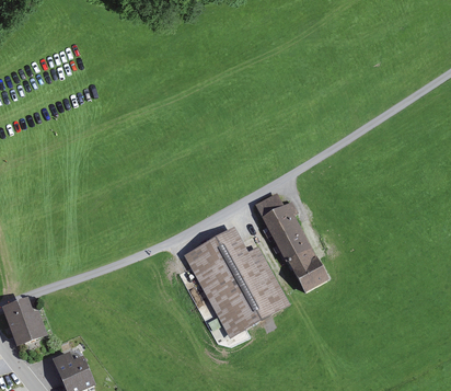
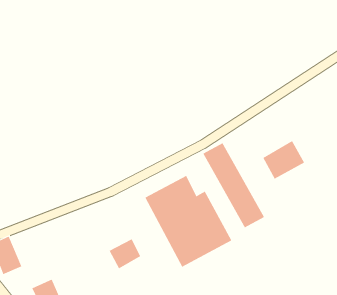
building: none -> [263,140,305,180]
building: none -> [109,238,141,269]

